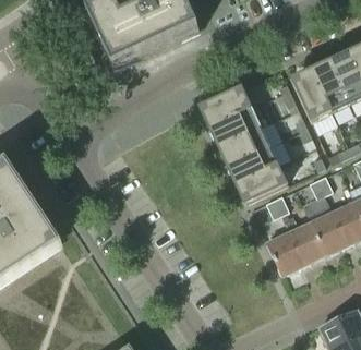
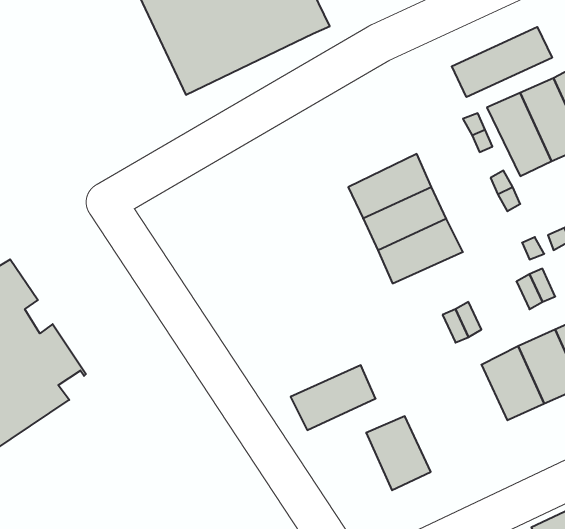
building: none -> [452,27,552,97]
building: [202,87,251,126] -> none
building: [237,165,287,203] -> [291,365,376,430]
building: [266,231,304,275] -> [366,416,431,490]

